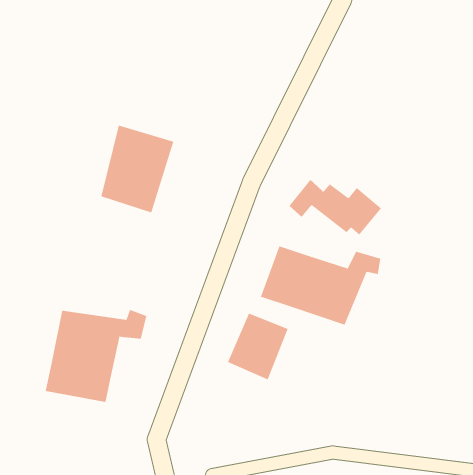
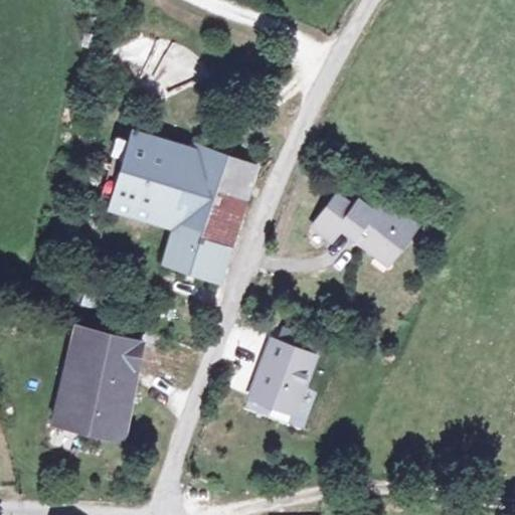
building: none -> [165,153,252,285]
building: [260,245,381,326] -> none

